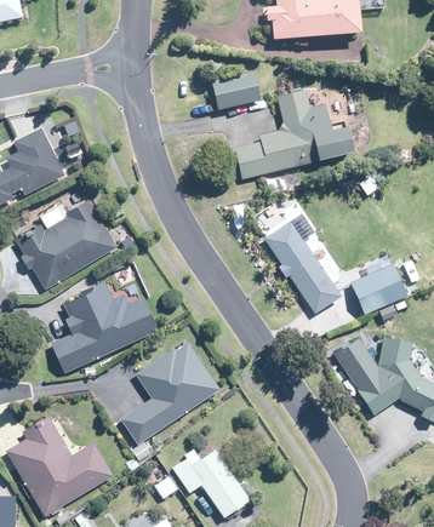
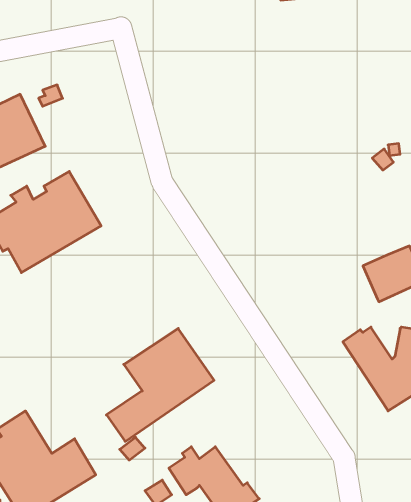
building: [215,75,258,105] -> none
building: [238,91,359,181] -> none
building: [267,222,344,315] -> none
building: [51,285,158,374] -> none

